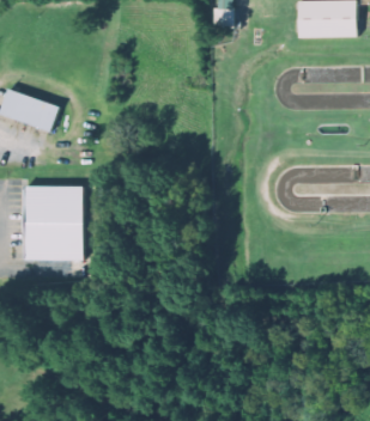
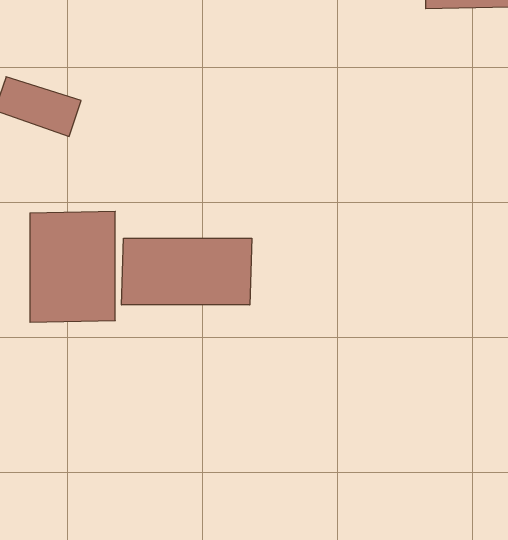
building: none -> [122,238,252,305]

